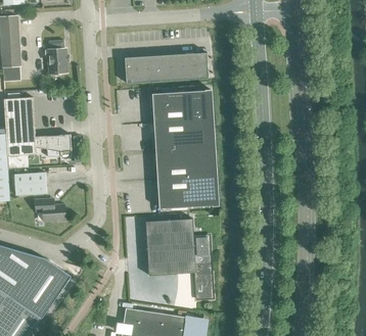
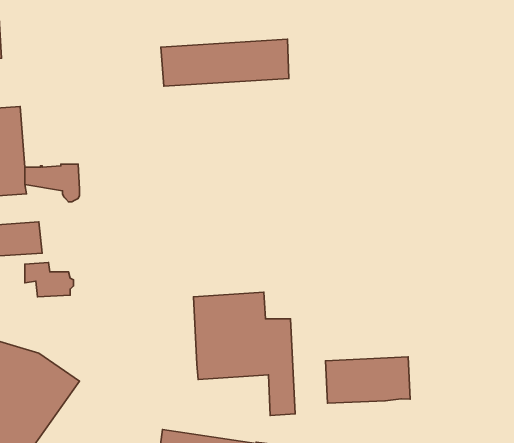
building: [49,40,67,74] -> none
building: [152,90,217,209] -> none
building: none -> [325,357,410,403]

